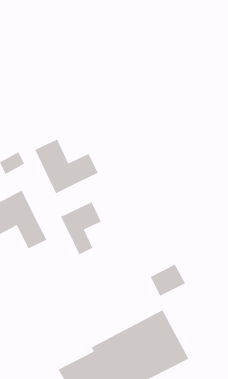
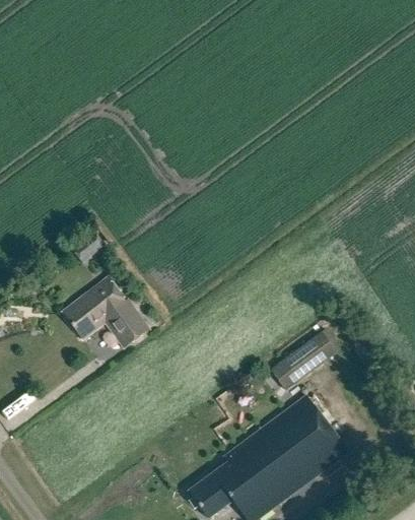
building: [35,139,98,194] -> none
building: [60,201,102,255] -> none

